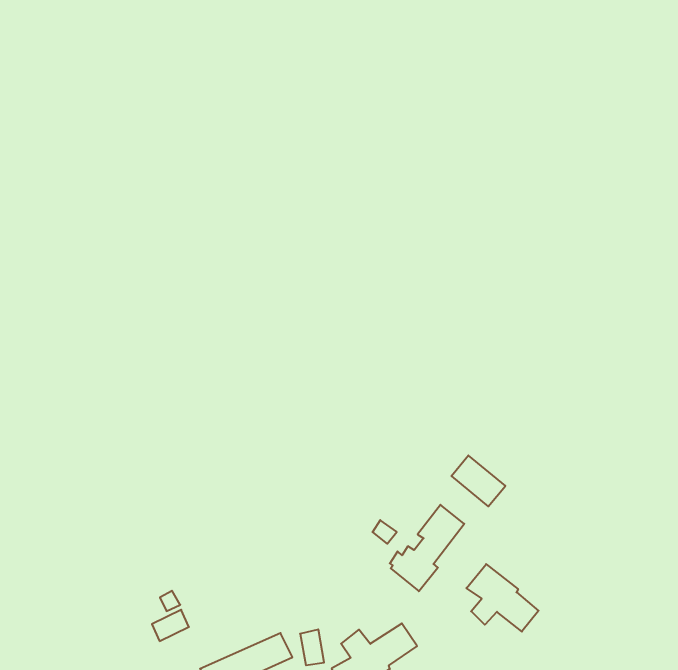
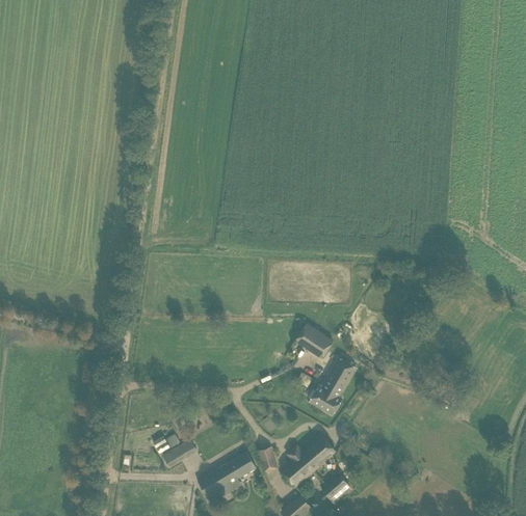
building: [451,455,505,506] -> [297,324,333,355]
building: [466,564,539,632] -> none

